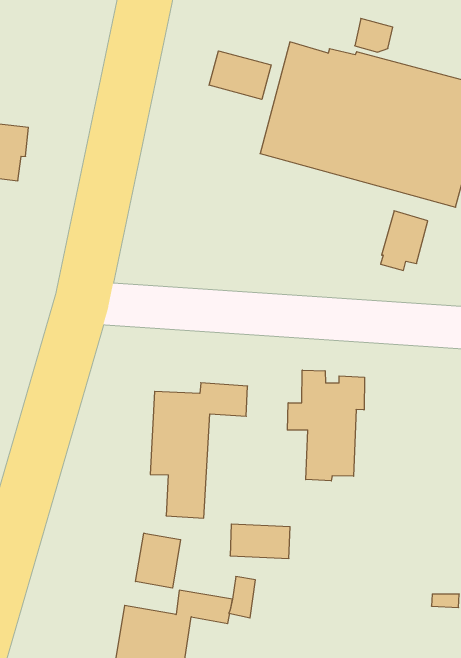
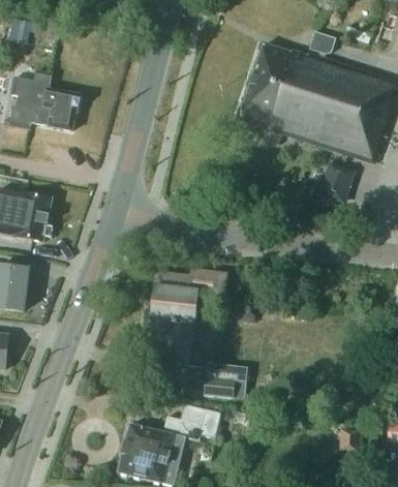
building: [209,51,271,99] -> none
building: [287,370,364,481] -> none
building: [136,533,181,588] -> none

